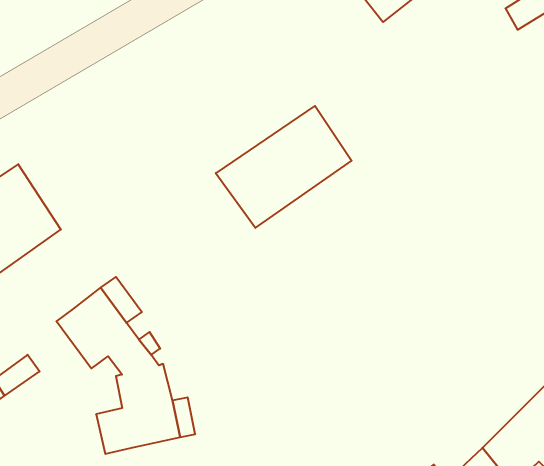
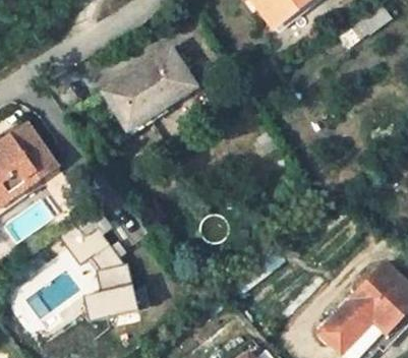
building: [216,106,352,228] -> [103,50,193,131]

